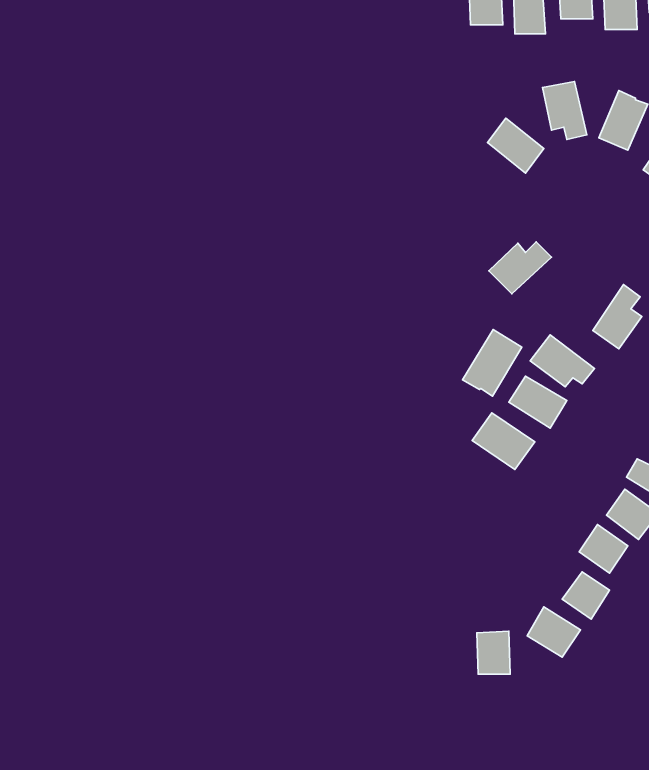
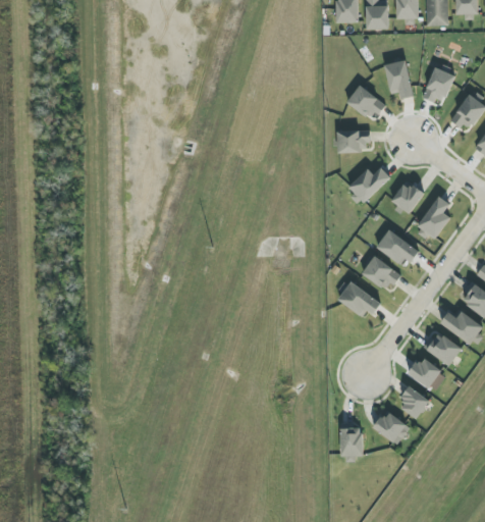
building: none -> [337,128,370,152]
building: none -> [391,180,423,212]
building: [462,330,522,396] -> none

